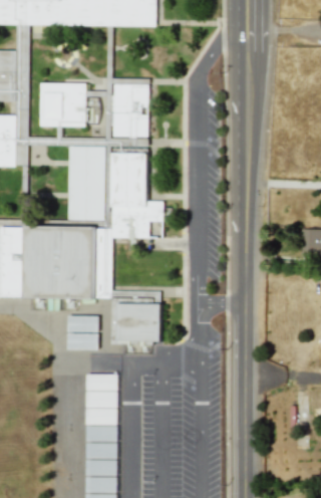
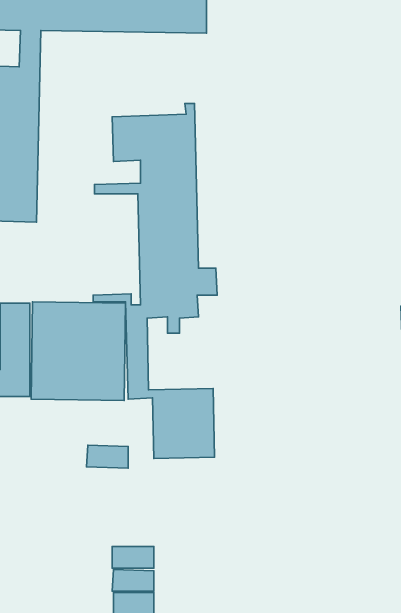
building: [43,83,85,126] -> none
building: [68,147,105,220] -> none
building: [67,315,97,331] -> none
building: [86,374,117,408] -> none

